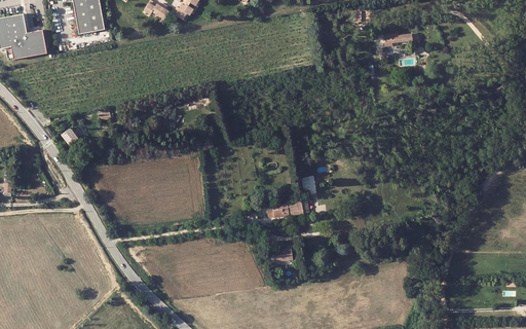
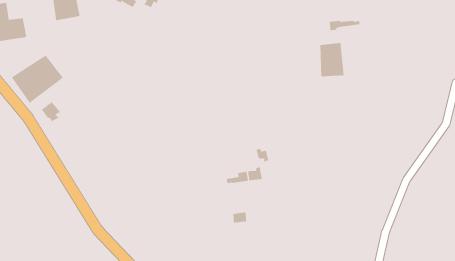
building: none -> [319,42,344,77]
building: none -> [11,54,64,104]

